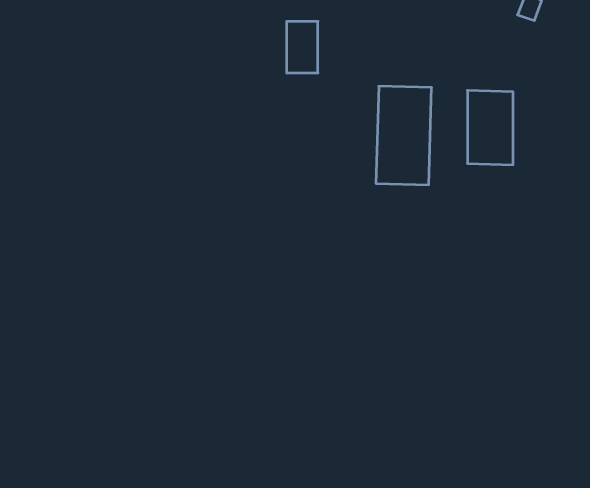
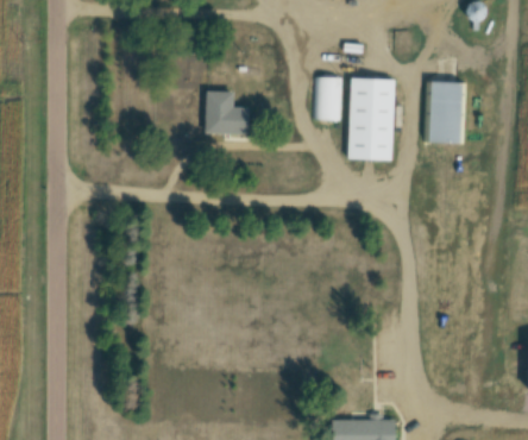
building: [287,21,318,73] -> [313,77,339,120]
building: none -> [206,92,249,134]

